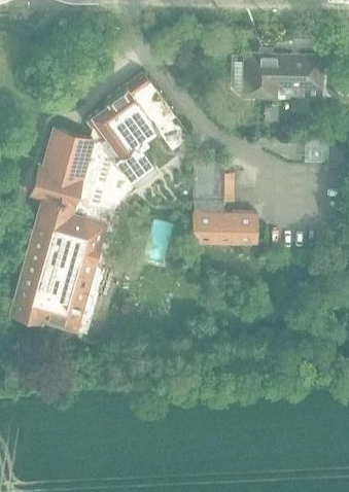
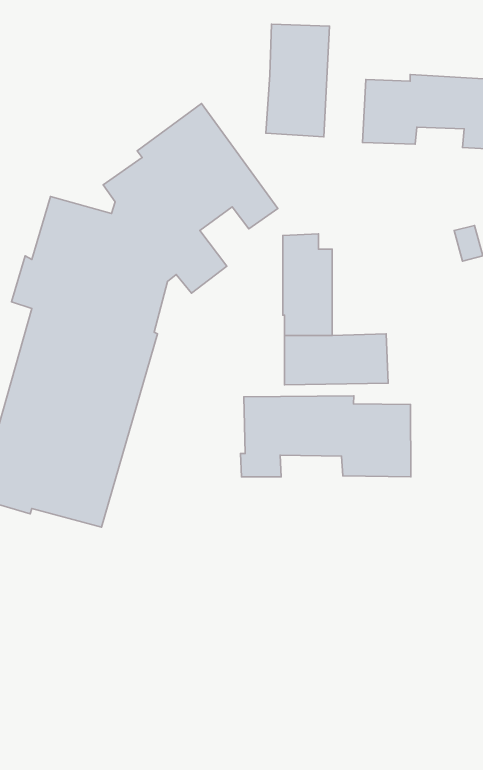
building: none -> [266,24,330,137]
building: none -> [241,396,411,477]

